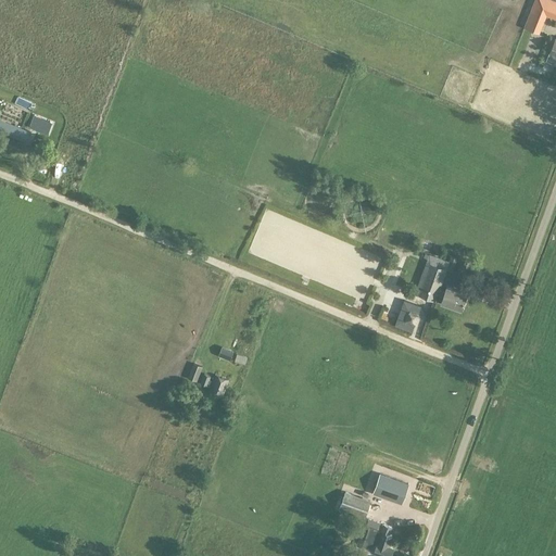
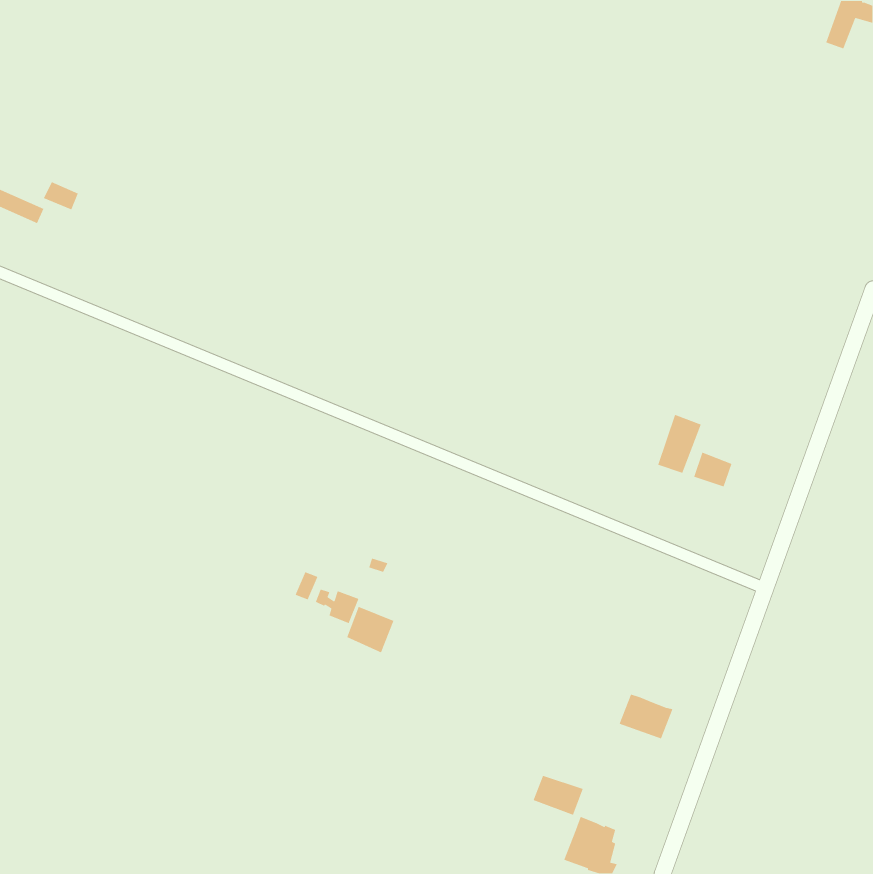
building: [393,301,419,331] -> none
building: none -> [346,606,395,654]
building: [372,473,407,503] -> [619,693,673,740]

